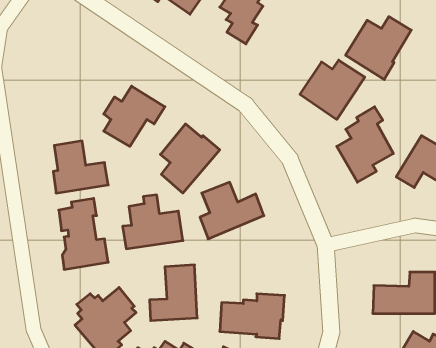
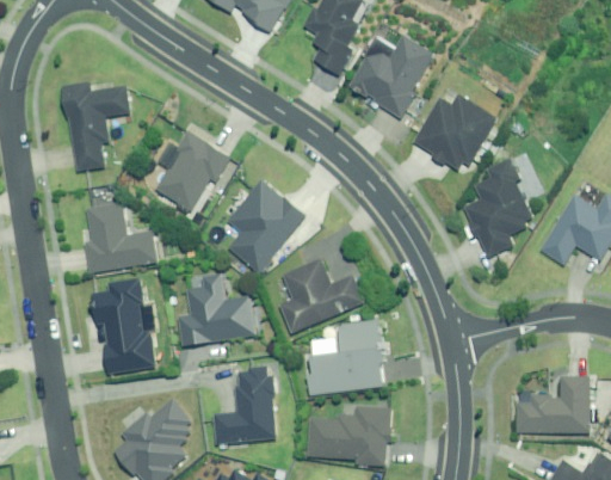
building: [346,17,411,80] -> [350,35,437,118]
building: none -> [63,82,130,171]
building: none -> [307,320,384,394]

